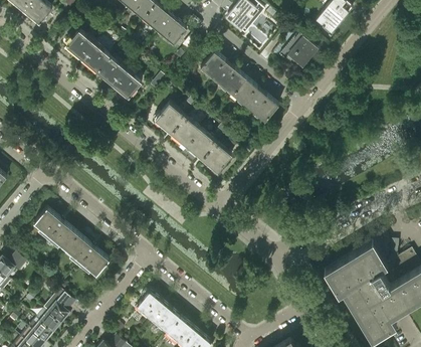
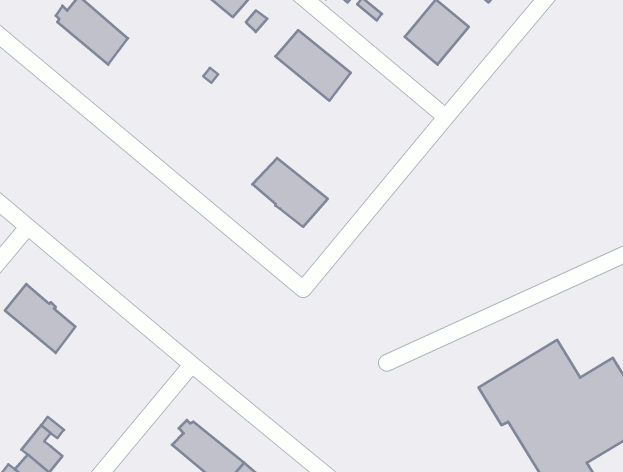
building: [96,56,141,99] -> none
building: [232,77,277,121] -> none
building: [154,104,200,146] -> none
building: [64,233,109,275] -> none

